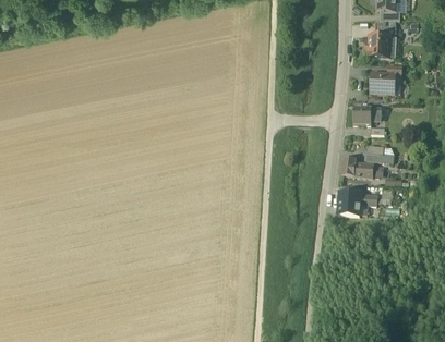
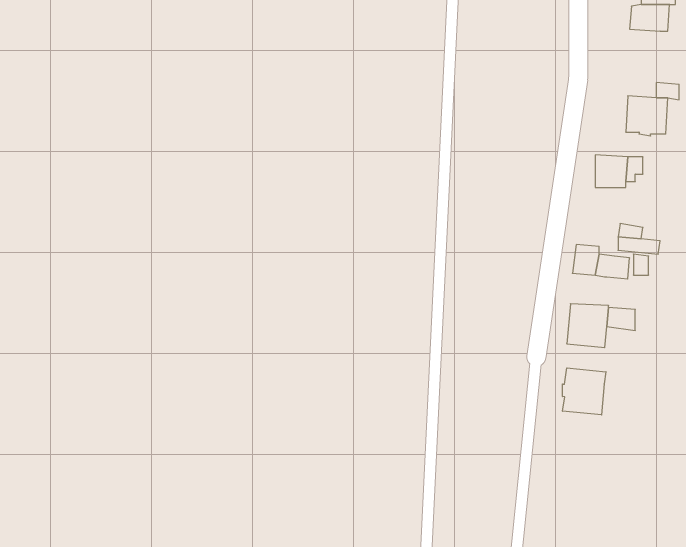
building: [370,34,393,58] -> none
building: none -> [562,368,606,415]

